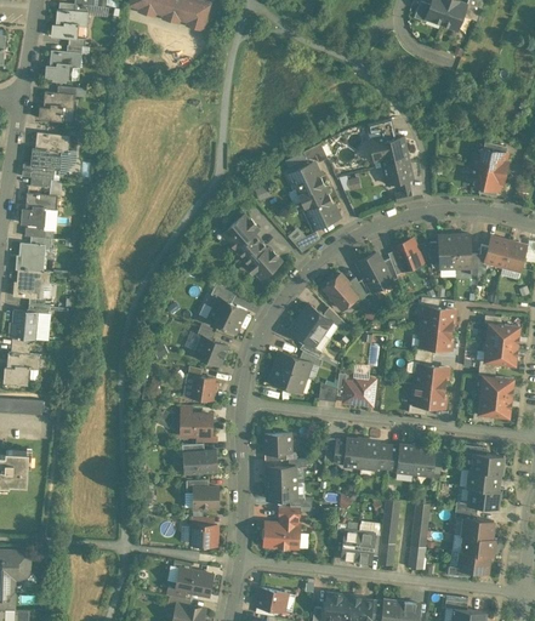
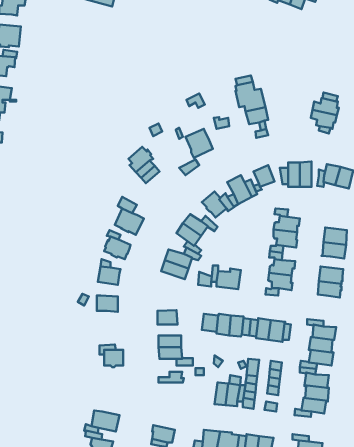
building: [286,163,326,201] -> none
building: [249,246,281,278] -> none
building: [182,450,218,473] -> none
building: [190,524,217,546] -> none
building: [264,530,298,547] -> none

